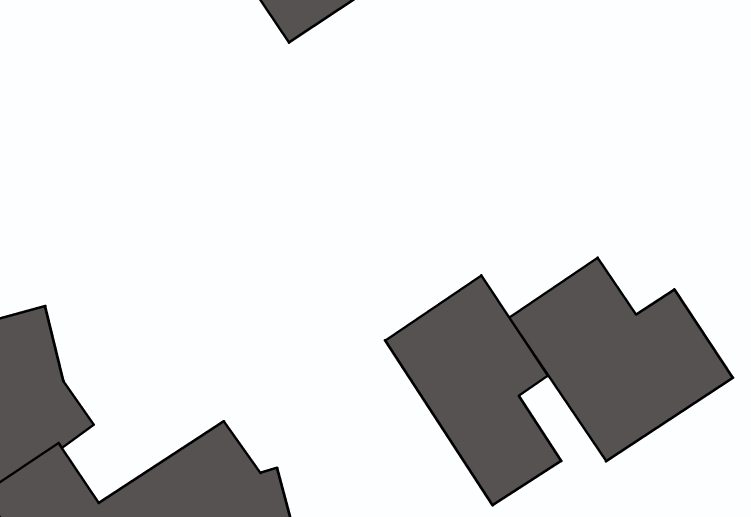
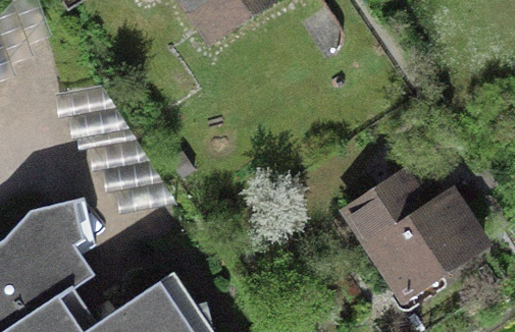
building: [385,275,561,505] -> none

